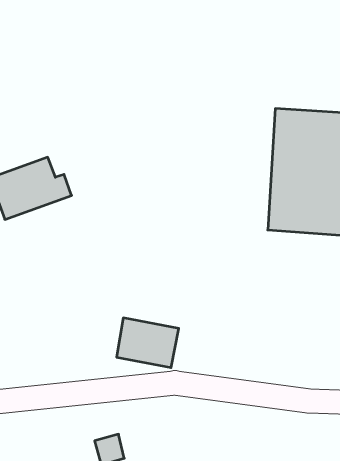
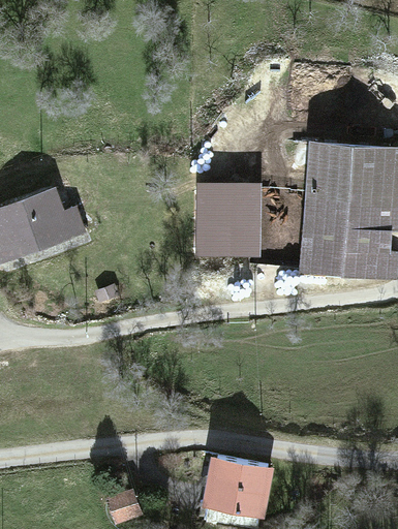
building: none -> [194,183,261,258]
building: [117,318,179,368] -> [208,457,275,510]

